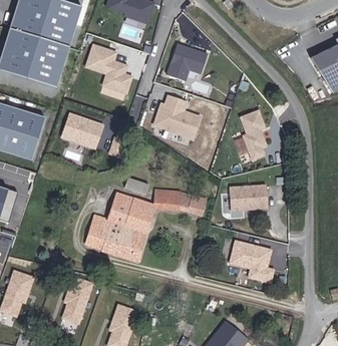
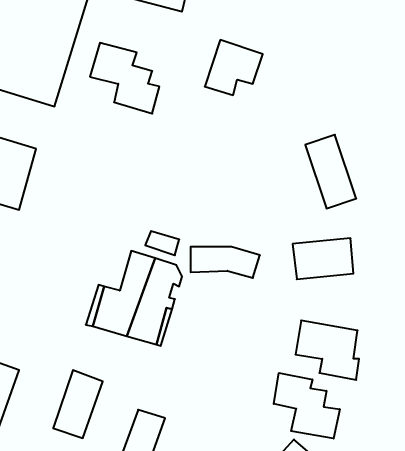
building: [153,92,200,136] -> none
building: [61,113,103,146] -> none
building: none -> [274,373,340,439]

